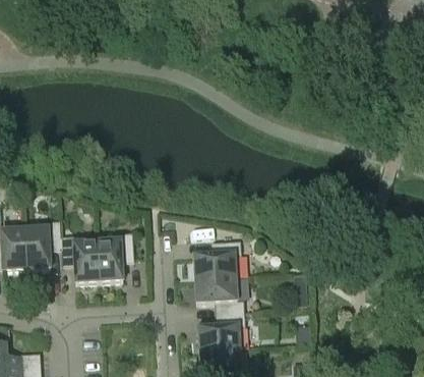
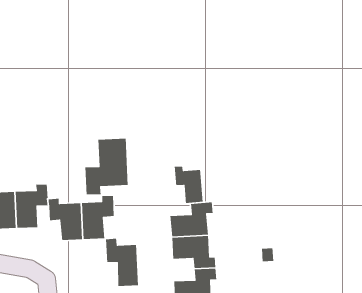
building: none -> [84,138,128,195]
building: none -> [174,166,203,204]
building: none -> [105,238,139,287]

